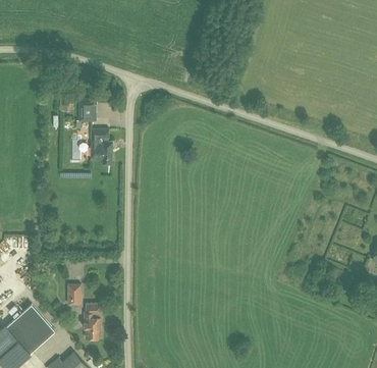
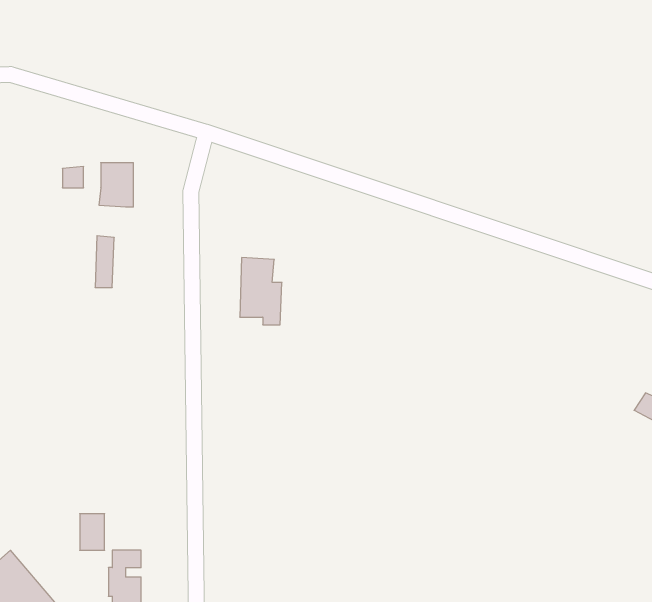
building: [90,129,112,165] -> [240,258,282,325]

